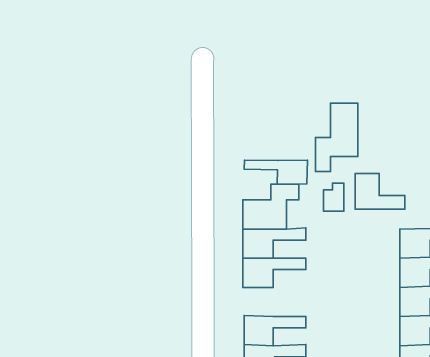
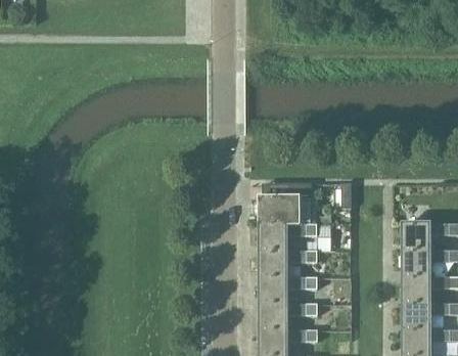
building: [316,103,358,171] -> none
building: [244,160,307,184] -> none
building: [355,174,405,209] -> none
building: none -> [260,276,317,303]

